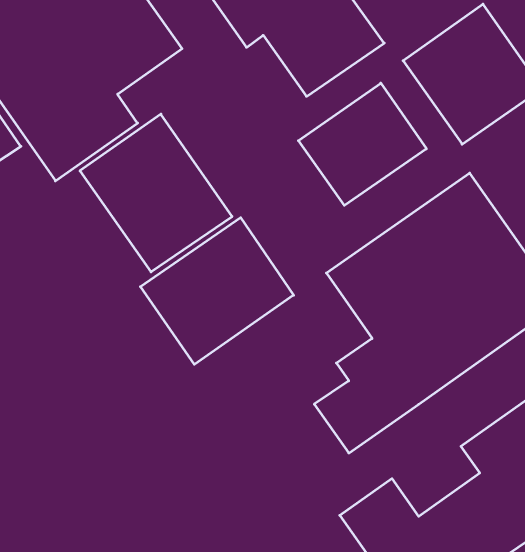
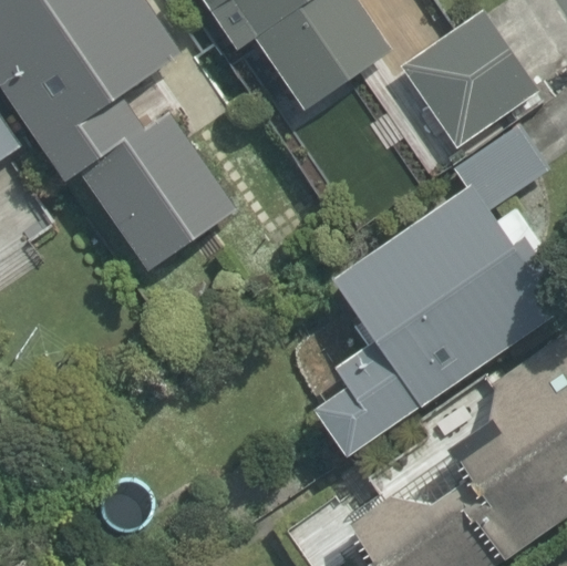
building: [298,83,426,205] -> none
building: [140,218,294,364] -> none

